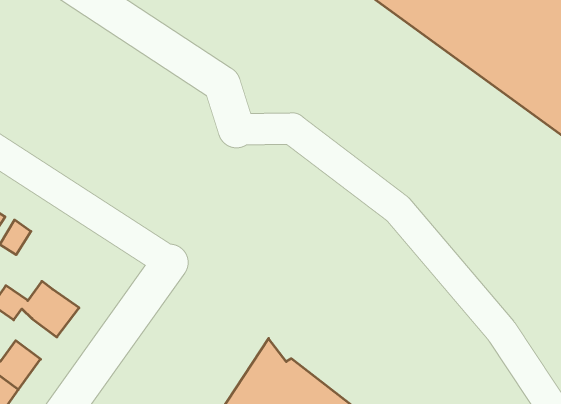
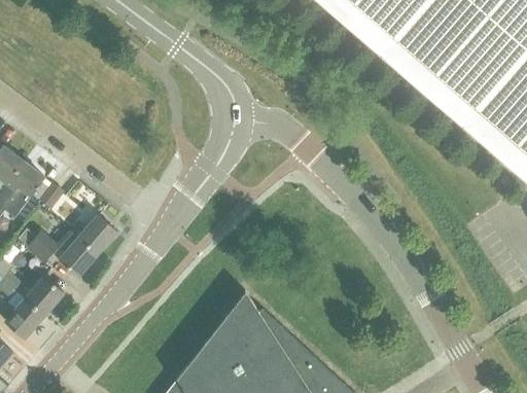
building: none -> [78,215,117,254]

